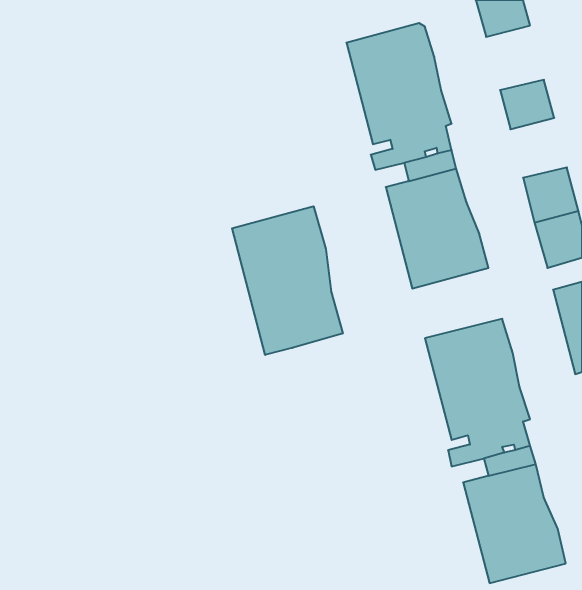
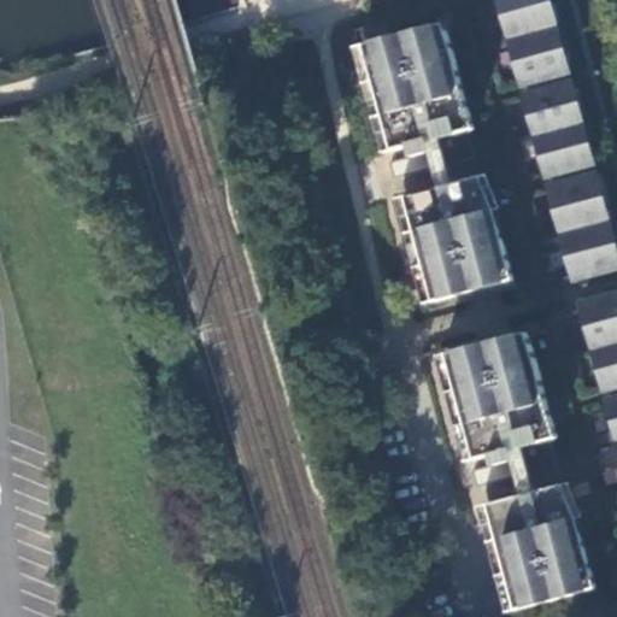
building: none -> [507,27,565,84]
building: none -> [533,123,589,176]
building: [232,206,343,355] -> none

